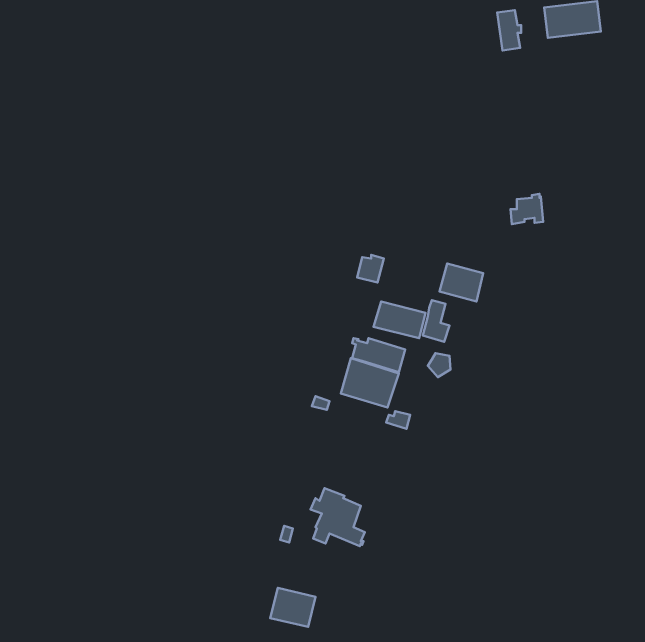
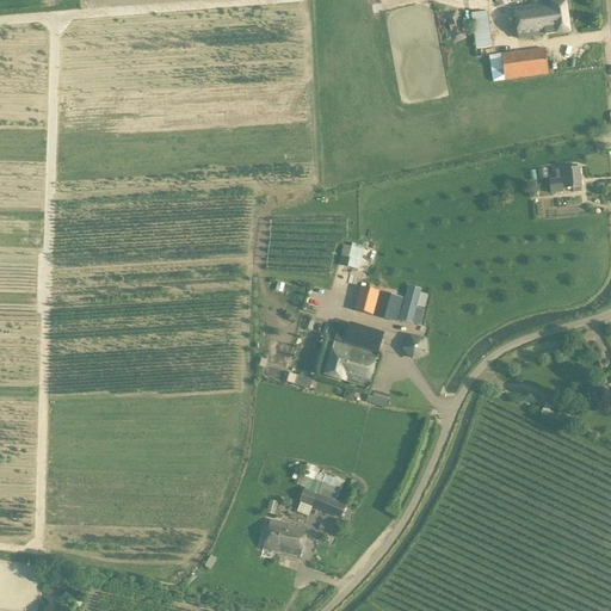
building: none -> [489,48,547,78]
building: [510,194,543,224] -> [549,163,580,192]
building: [439,264,483,302] -> none
building: [270,588,316,627] -> [261,518,304,555]

